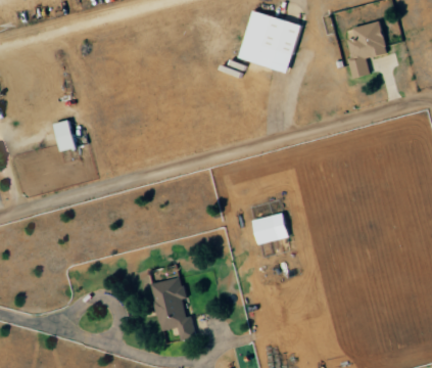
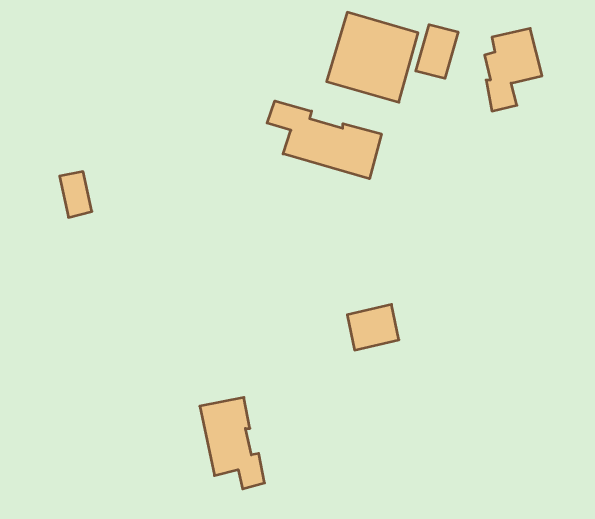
building: none -> [416,25,458,78]
building: none -> [267,101,381,179]

